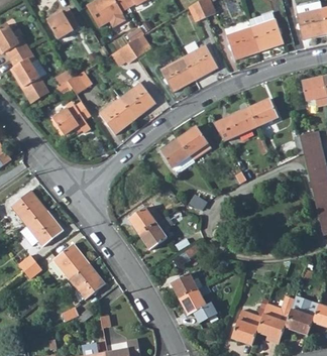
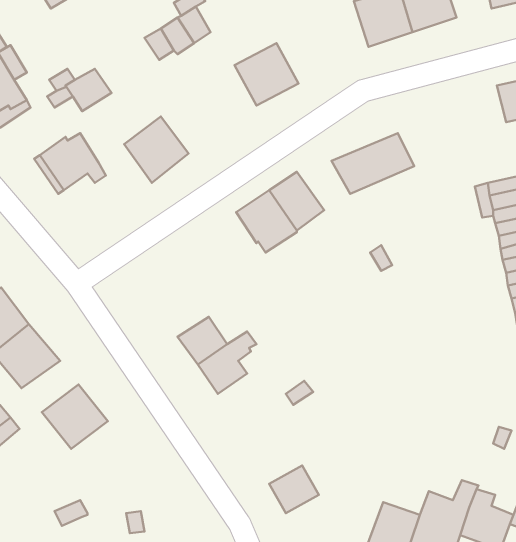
building: [183,45,216,80] -> none
building: [119,84,154,118] -> none
building: [249,99,276,125] -> none
building: [70,265,106,301] -> none
building: [170,273,202,300] -> none

